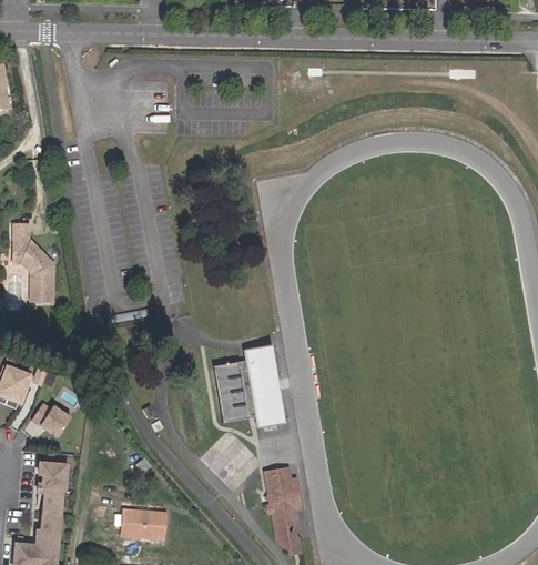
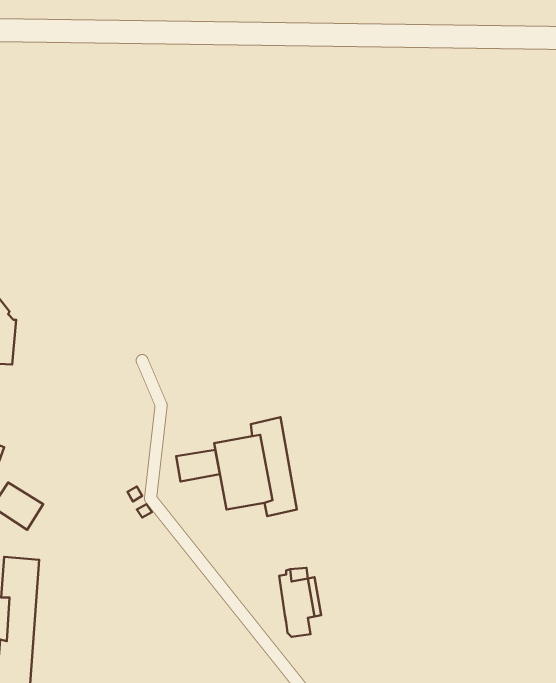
building: none -> [176,450,220,481]
building: [120,512,163,538] -> none
building: [273,522,303,546] -> none

